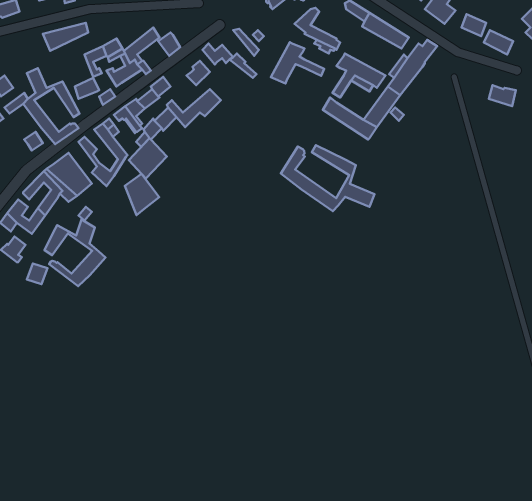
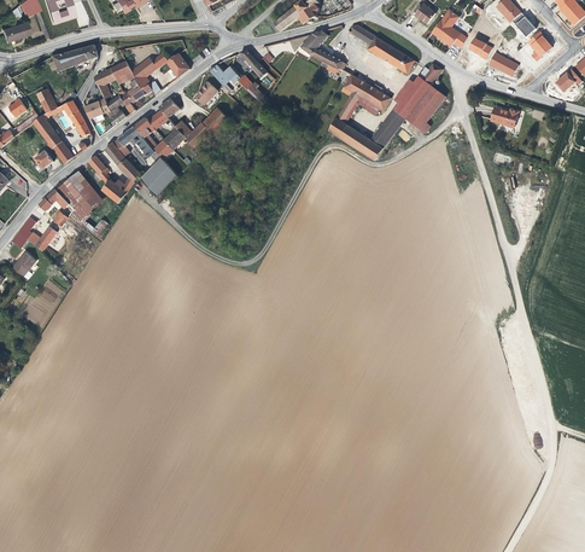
building: [271,42,324,83] -> none
building: none -> [405,85,444,130]
building: [281,145,375,211] -> none
building: [125,174,159,215] -> none
building: [45,220,105,286] -> none

